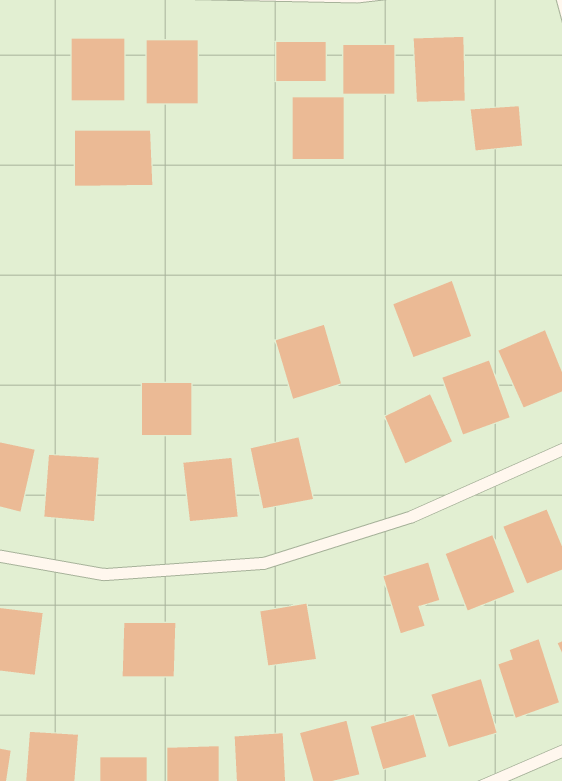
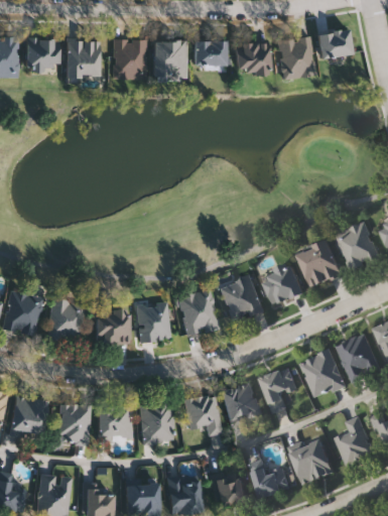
building: none -> [25,36,57,70]
building: [292,97,345,159] -> [153,39,186,79]
building: [470,106,523,151] -> [317,29,351,57]
building: [74,130,153,187] -> none
building: [392,280,472,358] -> none
building: [275,324,342,400] -> [220,274,262,321]
building: [141,383,192,435] -> [96,309,128,343]
building: none -> [222,383,260,424]
building: none -> [139,401,172,443]
building: none -> [54,402,90,445]

